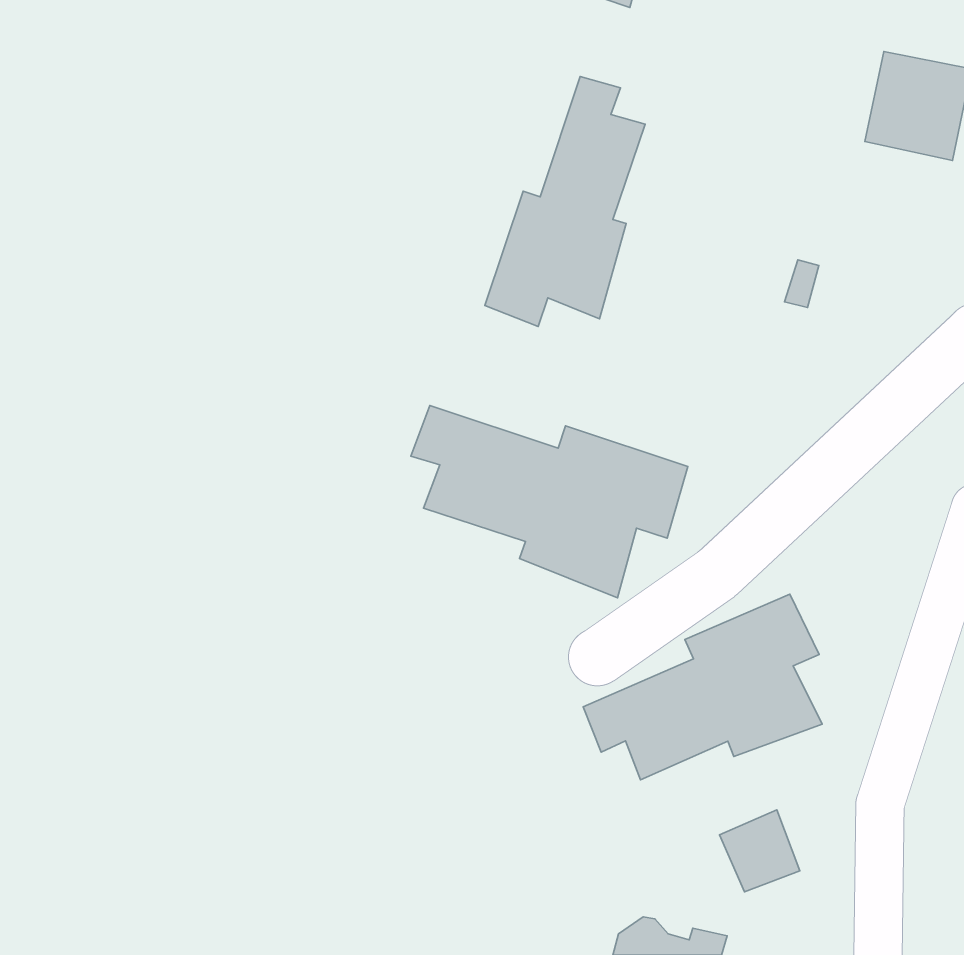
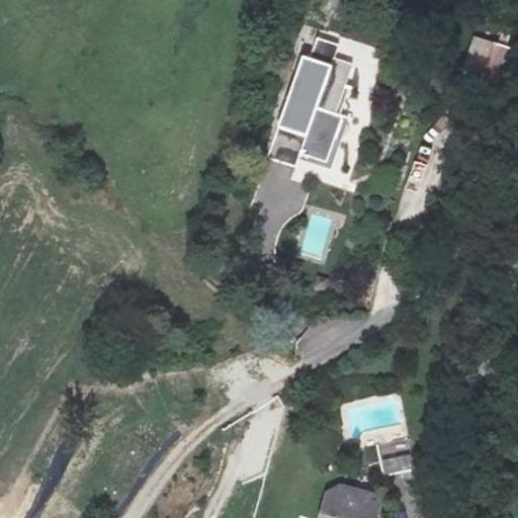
building: [411,405,688,598] -> none
building: [583,594,822,780] -> none

